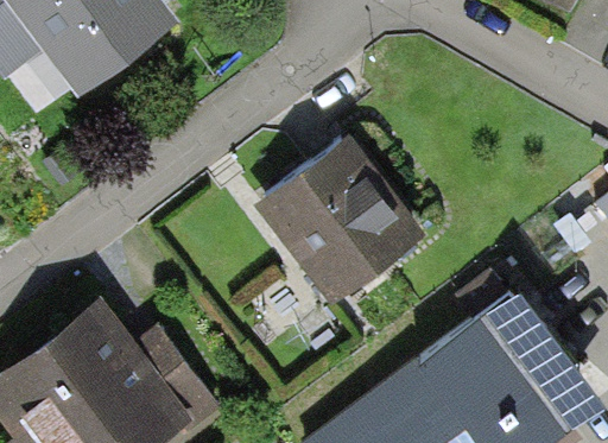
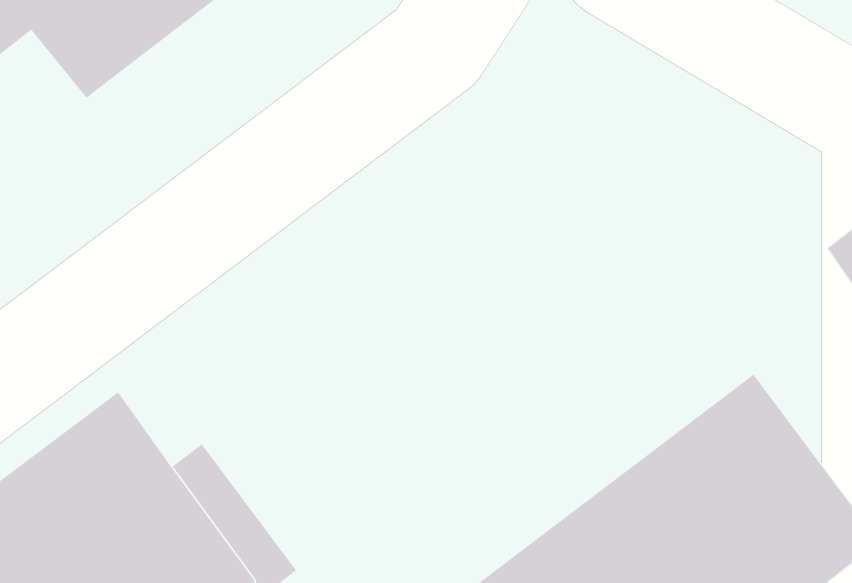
building: [252,131,428,308] -> none

